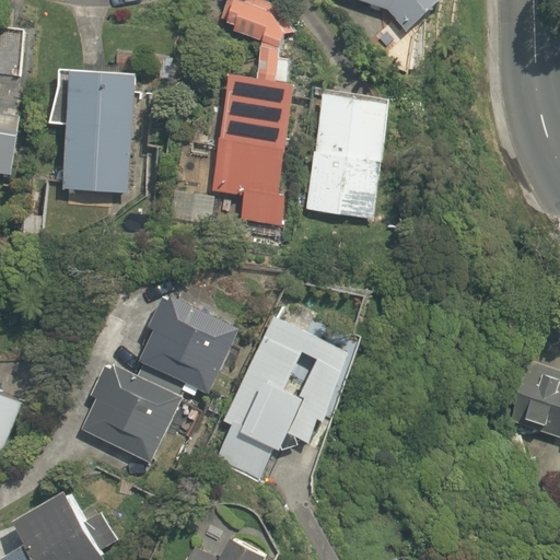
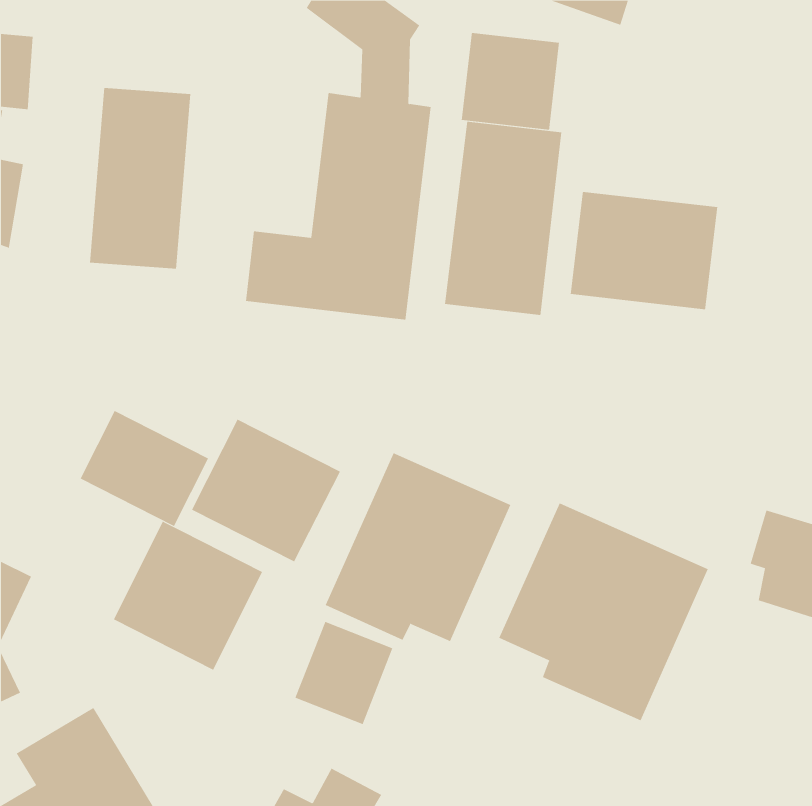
building: none -> [461,32,560,130]
building: none -> [570,191,718,310]
building: none -> [80,410,209,527]
building: none -> [498,503,708,721]

